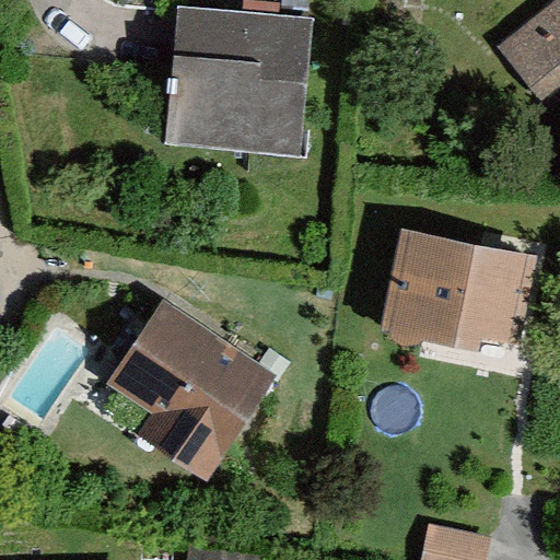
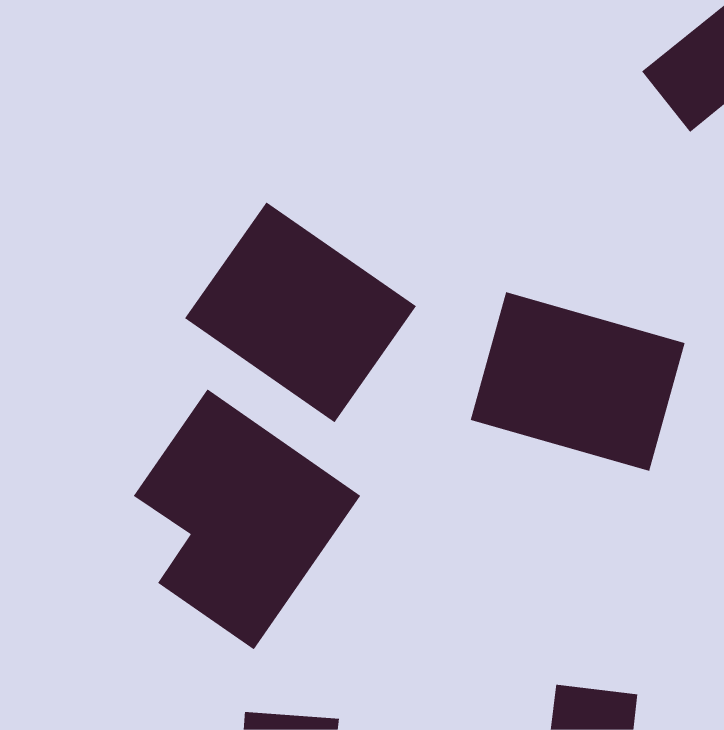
building: [156,4,316,153] -> none
building: none -> [184,202,417,423]

